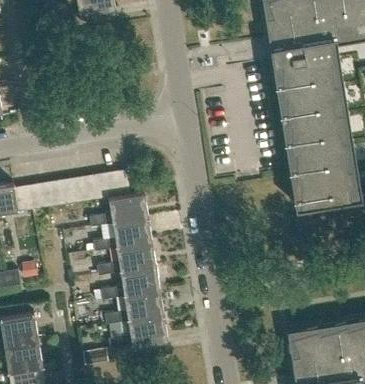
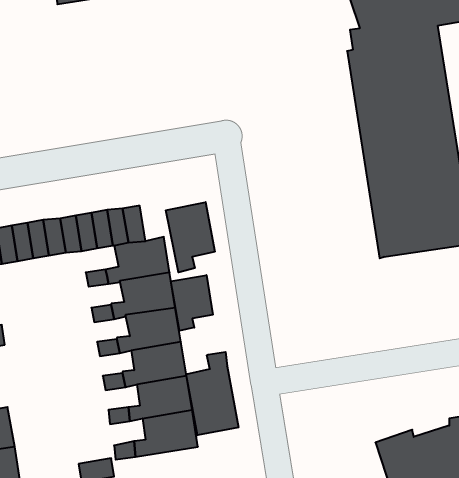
building: none -> [166,202,215,272]
building: none -> [171,275,213,331]
building: none -> [186,352,238,435]

